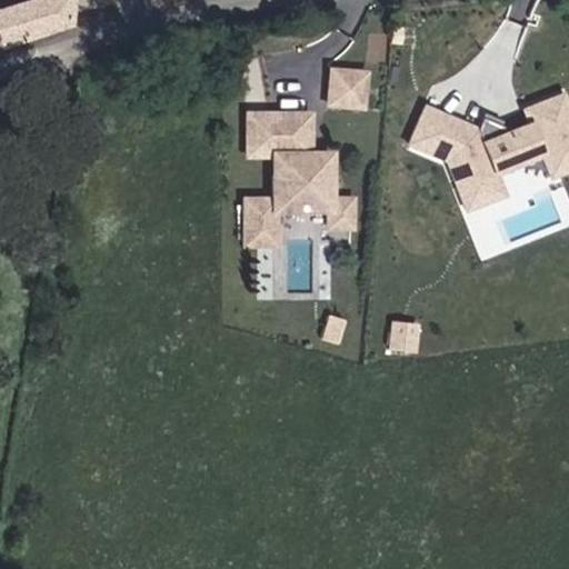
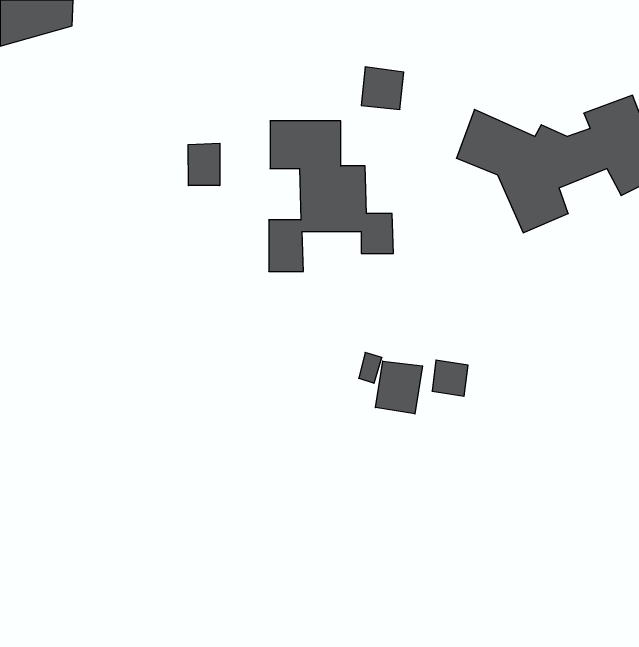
building: none -> [188,143,220,186]
building: none -> [375,361,423,414]

